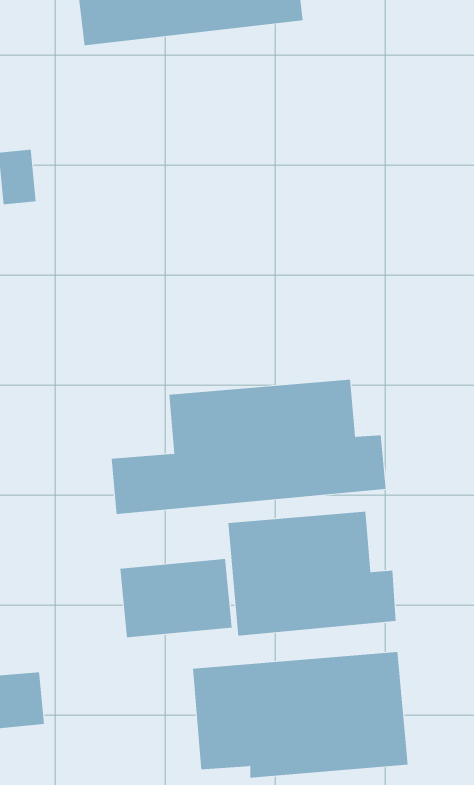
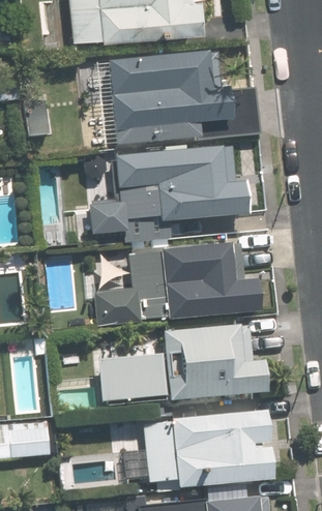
building: none -> [108,50,233,145]
building: none -> [88,143,248,233]

